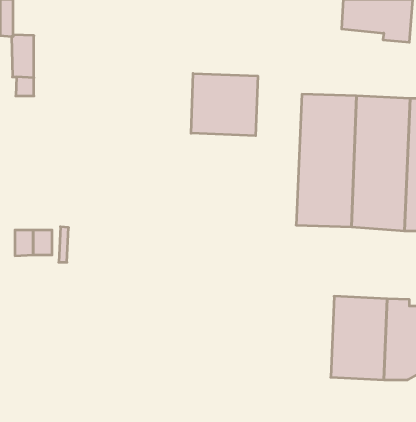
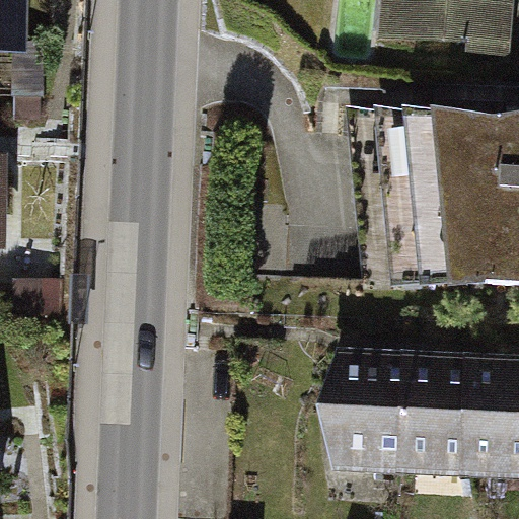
building: [191,73,258,136] -> none
building: none -> [336,362,418,462]

